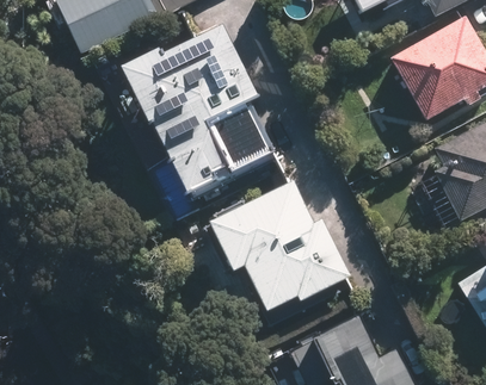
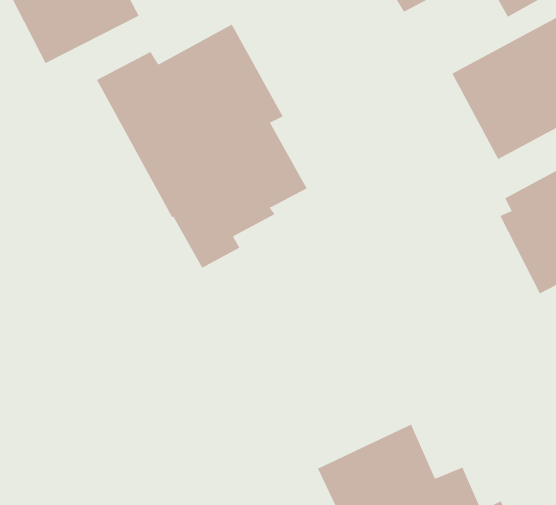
building: [211,180,349,306] -> none

